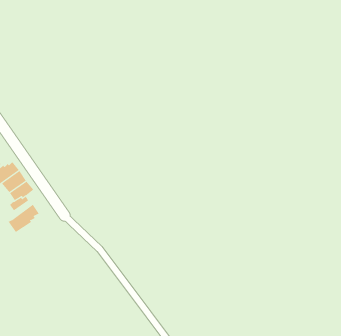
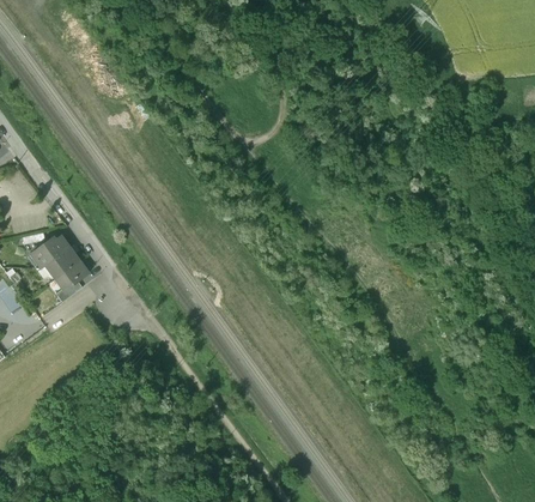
building: [8,204,39,233] -> none

